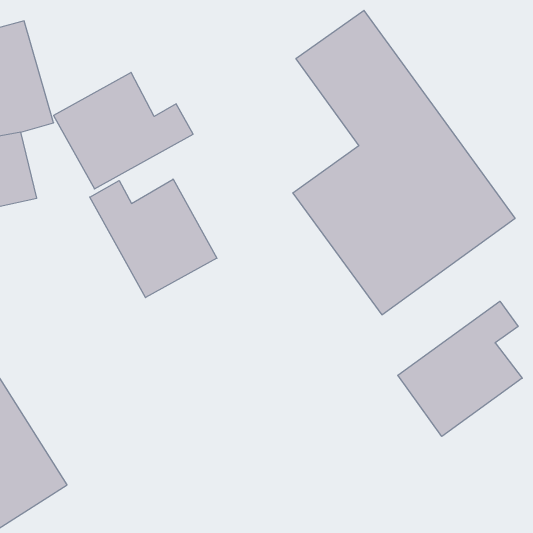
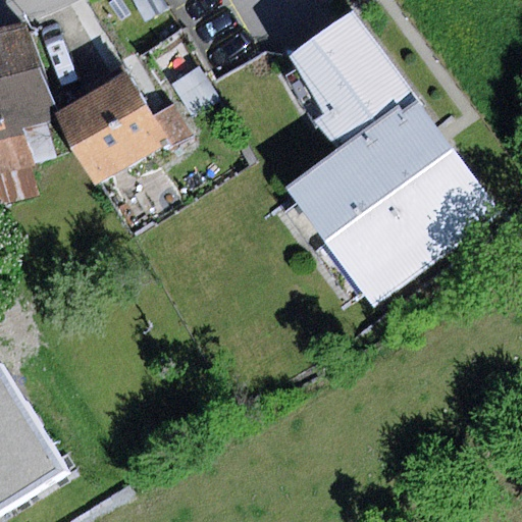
building: [90,179,217,298] -> none
building: [398,301,522,436] -> none

